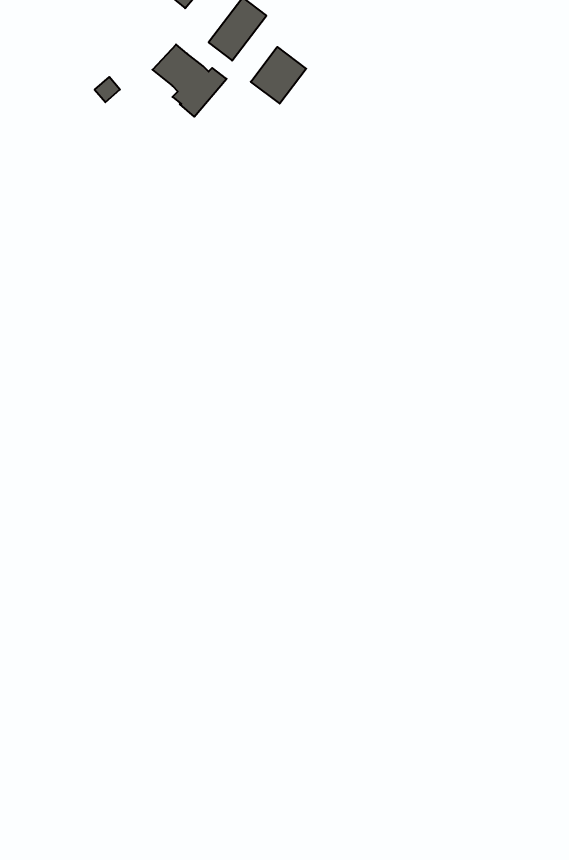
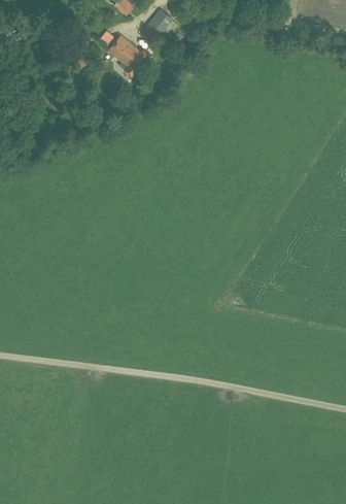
building: [251,47,306,104] -> none

